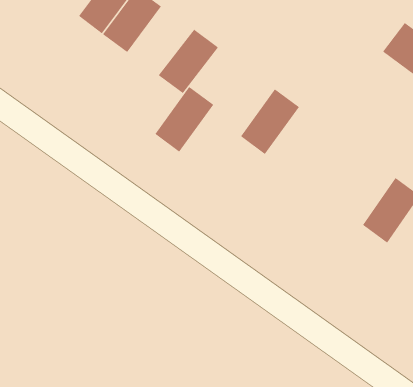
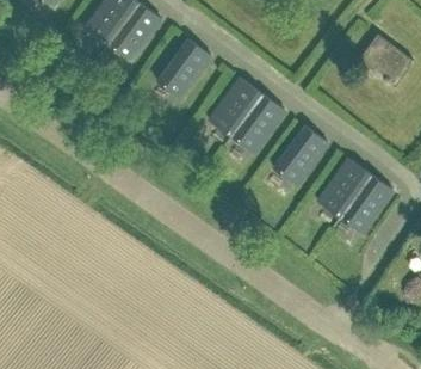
building: [154,86,214,153] -> [208,76,261,136]
building: none -> [272,125,327,184]
building: none -> [317,158,370,216]

